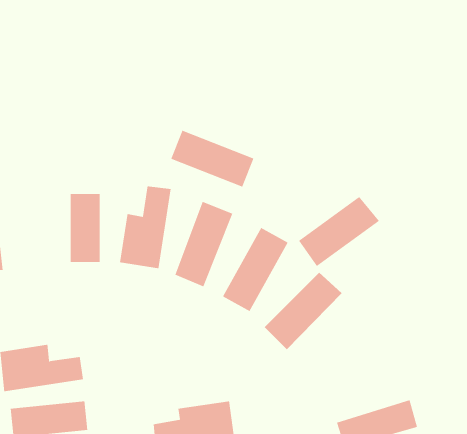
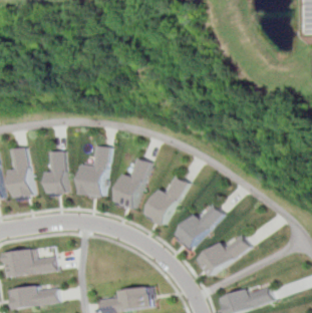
building: [170,130,254,188] -> none
building: none -> [8,147,32,200]
building: [298,196,380,267] -> [197,231,250,277]

